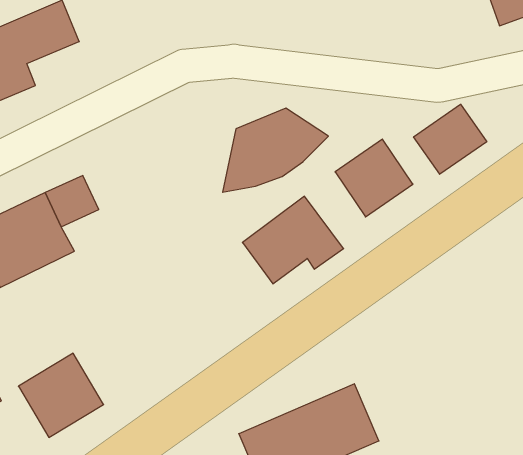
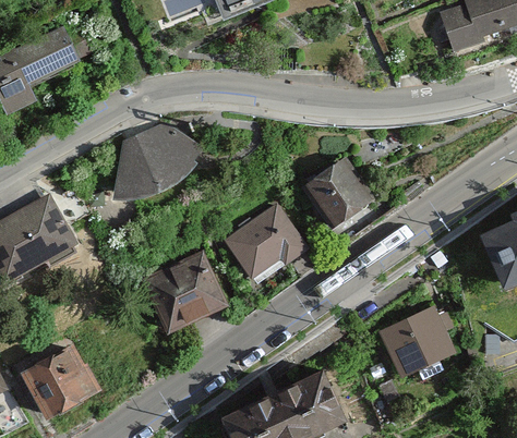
building: [414,104,487,174] -> none
building: [223,108,328,192] -> [113,120,208,195]
building: none -> [136,248,226,329]
building: none -> [383,311,458,380]

